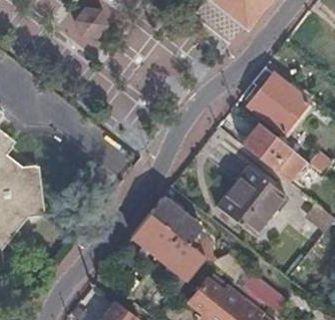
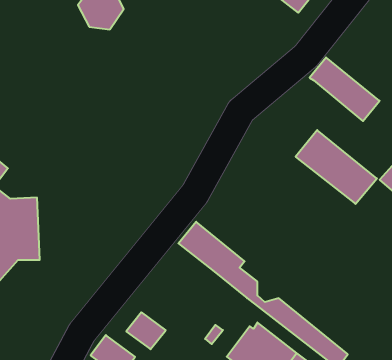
building: [248,83,295,130] -> none
building: [217,165,286,234] -> none
building: [131,212,204,278] -> none

